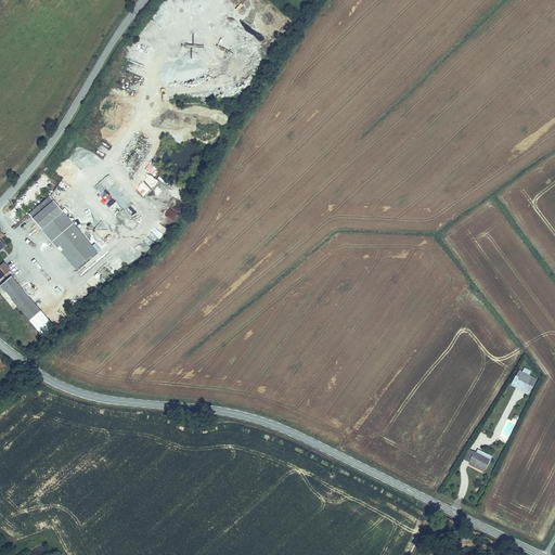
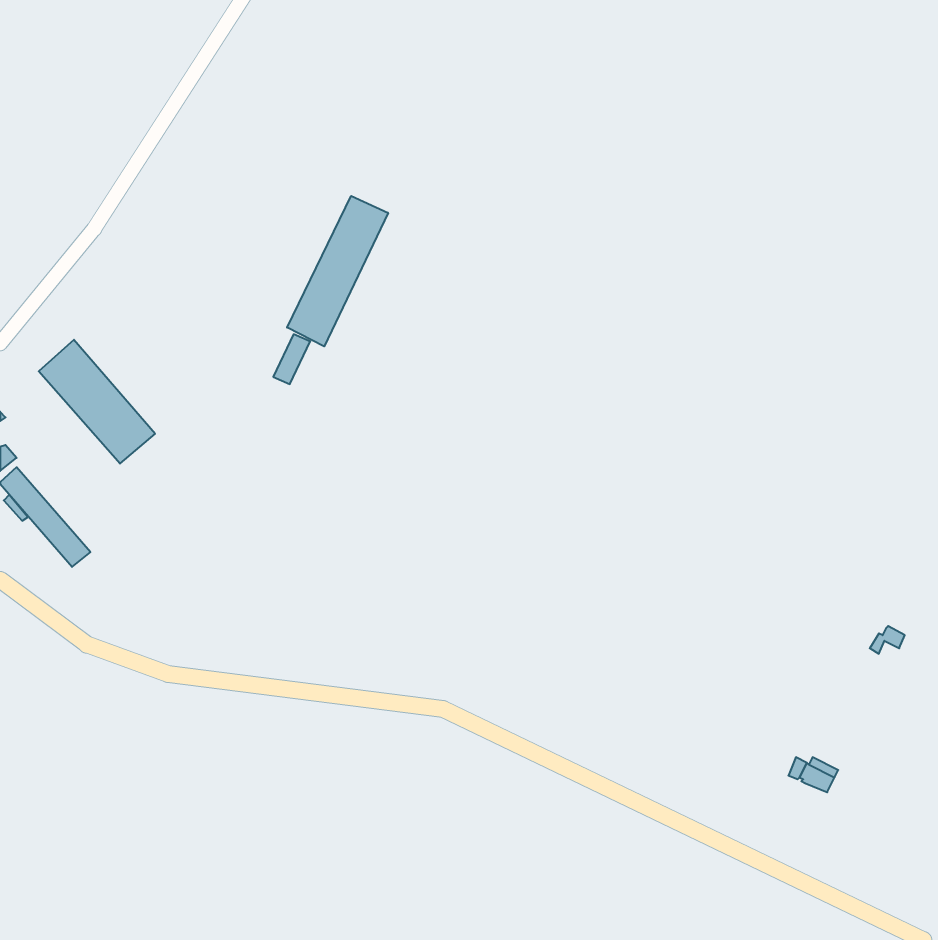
building: none -> [287,196,388,346]

